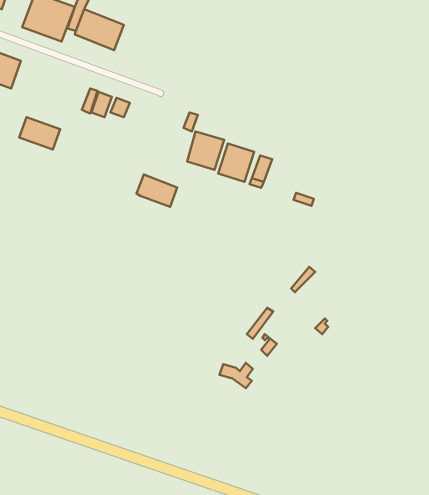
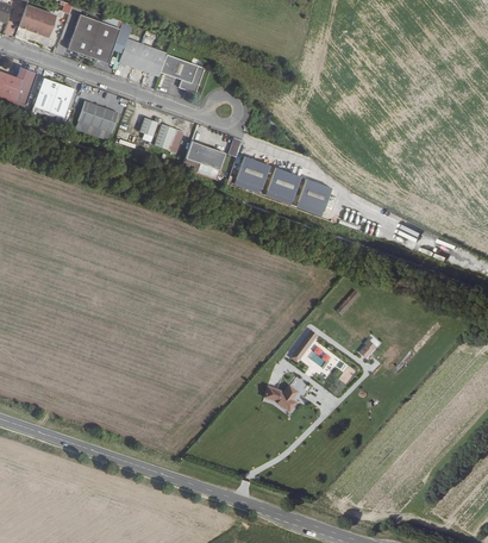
building: none -> [162,52,207,93]
building: [19,117,60,149] -> [79,101,119,133]
building: [137,174,177,207] -> [184,141,225,173]

